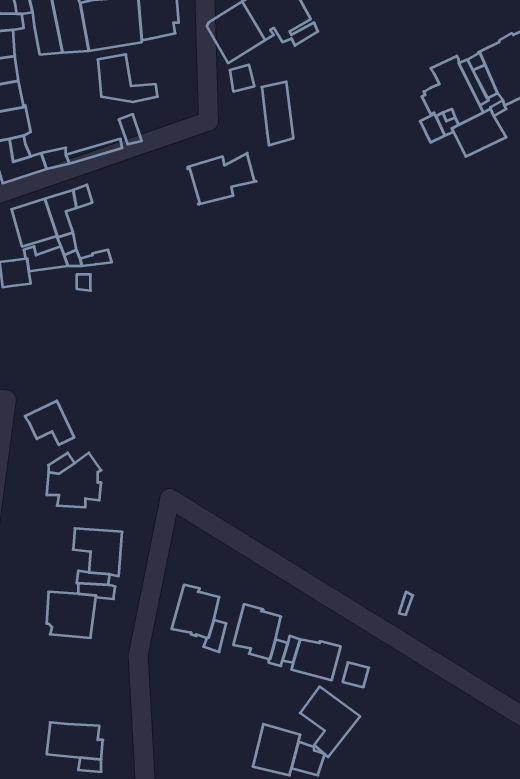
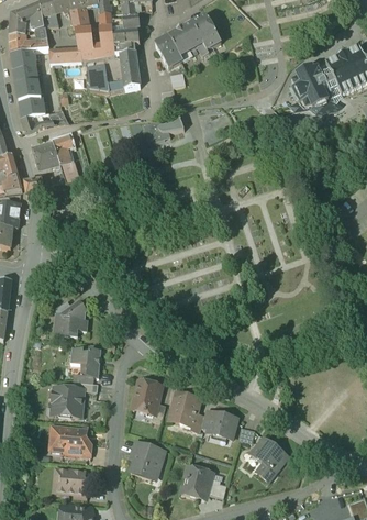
building: [262,82,293,145] -> [119,41,138,80]
building: [25,401,74,445] -> none
building: none -> [51,429,92,453]
building: none -> [131,445,166,483]
building: [300,687,360,757] -> [251,443,288,487]

